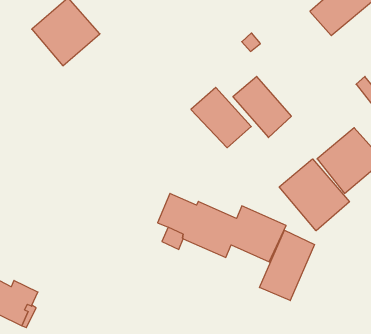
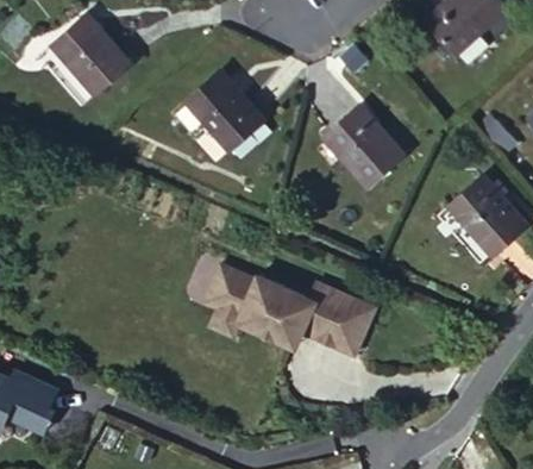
building: [191,87,251,148] -> [174,80,255,161]
building: [279,159,349,231] -> none
building: [260,230,315,301] -> none

